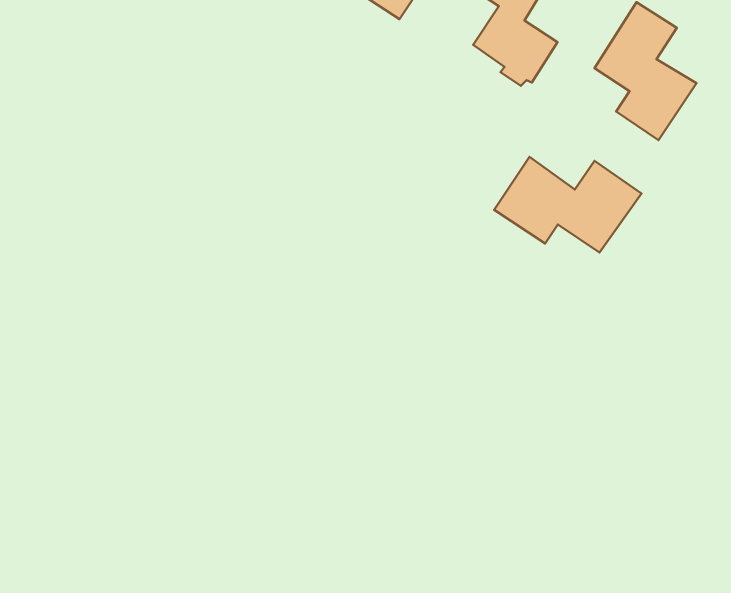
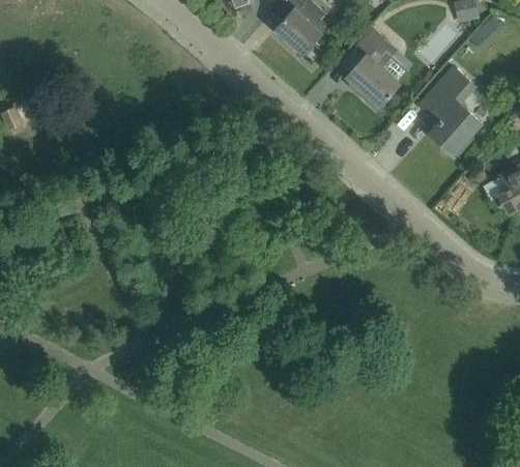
building: [494,157,642,253] -> none

